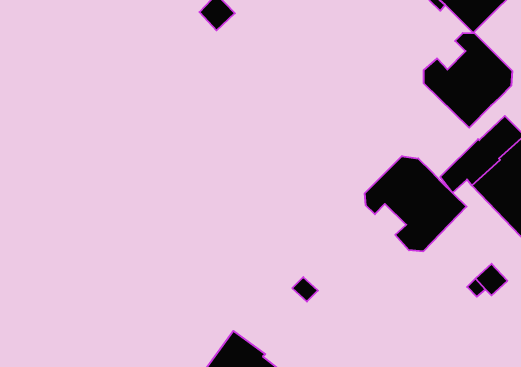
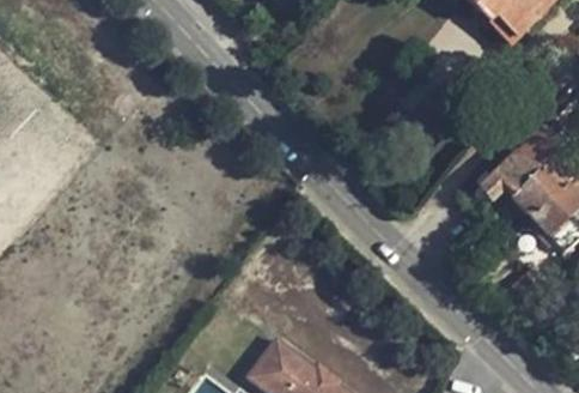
building: [424,33,512,128] -> none
building: [365,156,467,251] -> none

